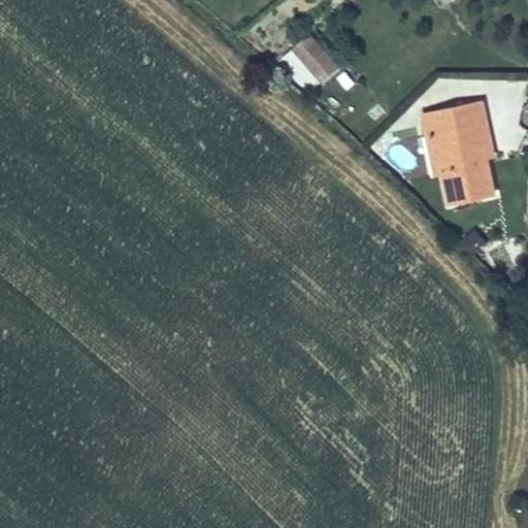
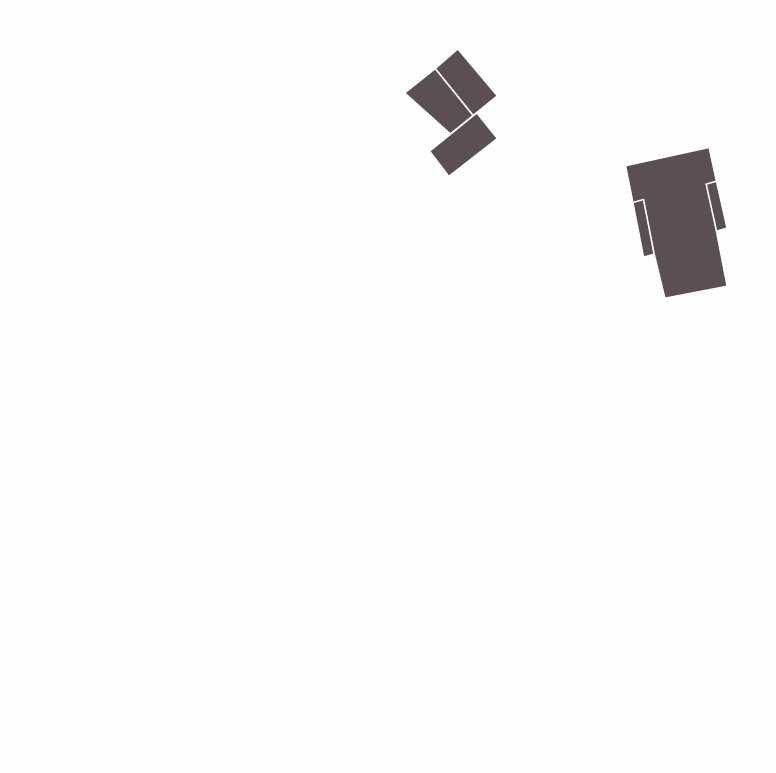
building: none -> [430,113,498,177]

